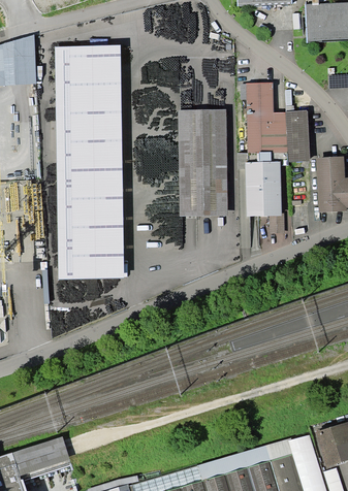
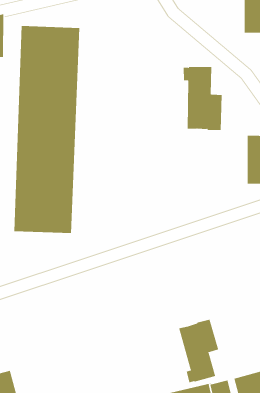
building: [178,109,228,217] -> none
building: [286,111,310,162] -> none
building: [245,153,282,217] -> none
building: none -> [179,319,219,383]

